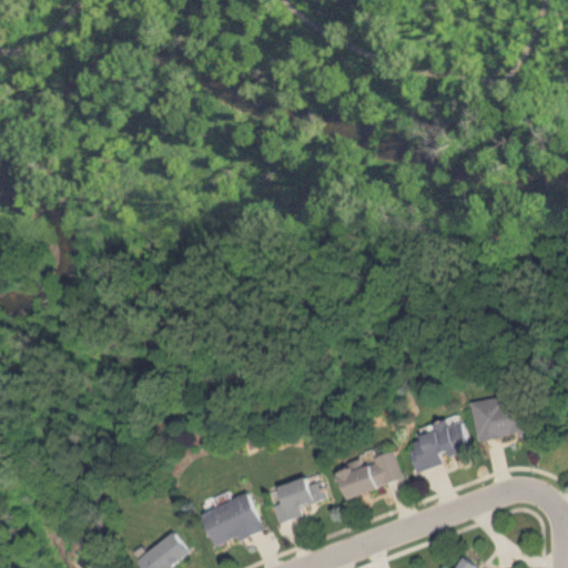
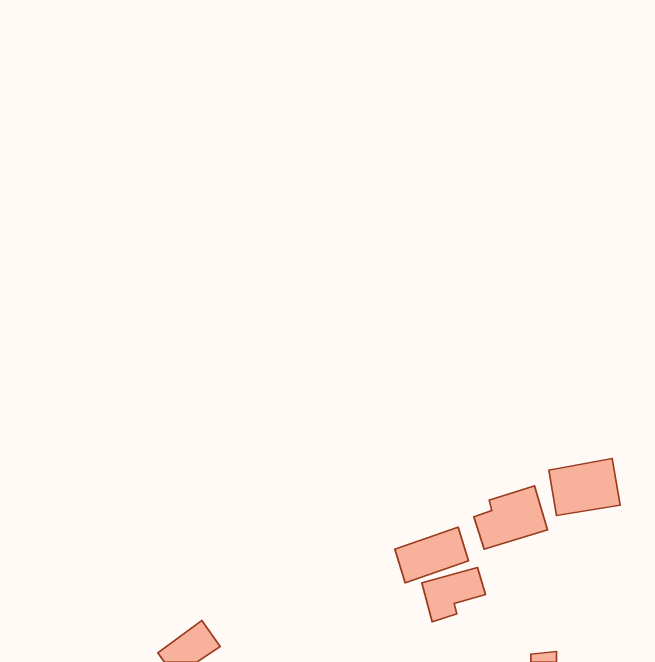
building: [271,476,325,523] -> [422,567,485,622]
building: [200,491,262,549] -> none

